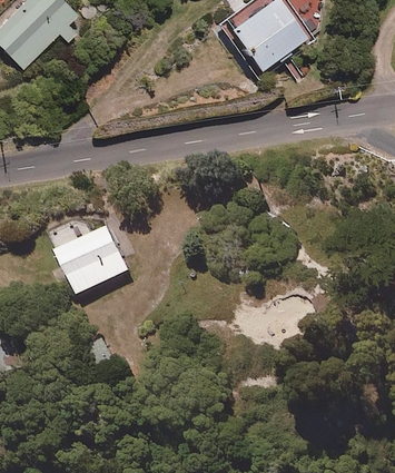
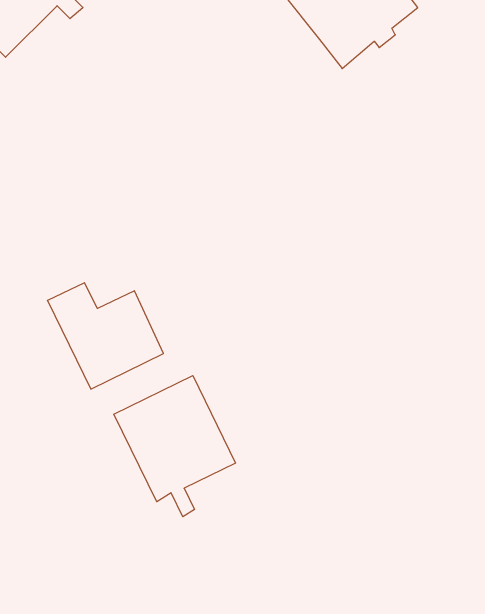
building: none -> [114,376,236,517]

